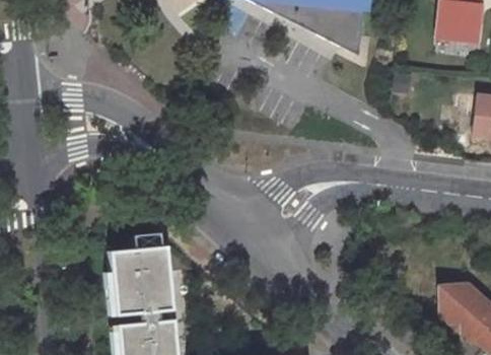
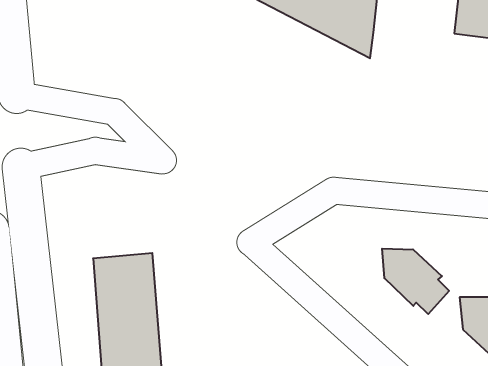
building: none -> [382,249,449,314]

